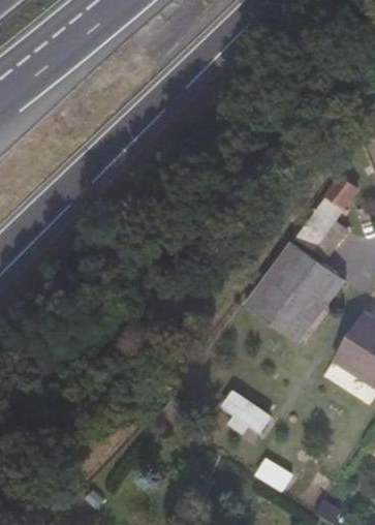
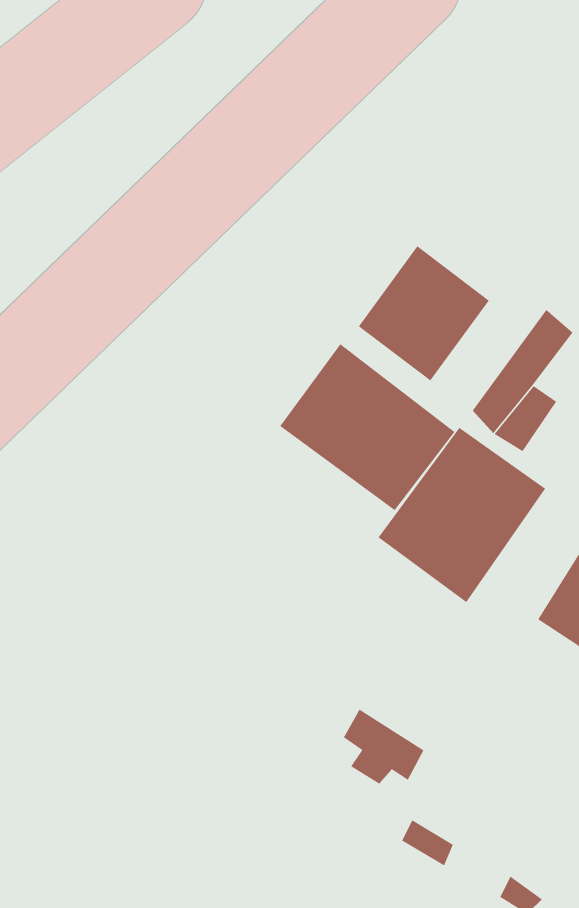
building: none -> [358,245,490,382]
building: none -> [279,343,455,511]

